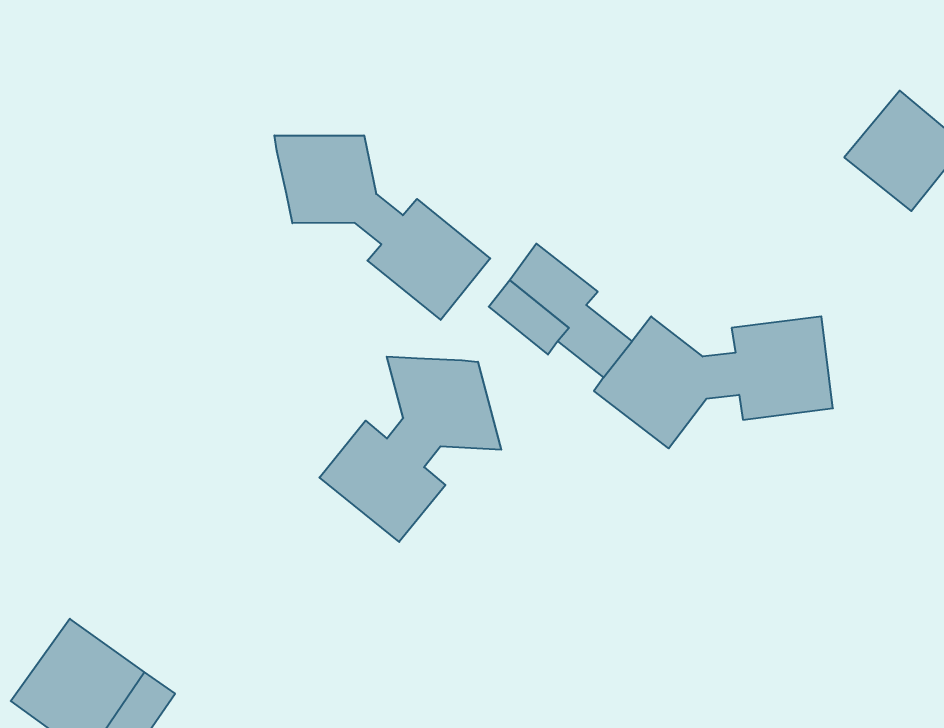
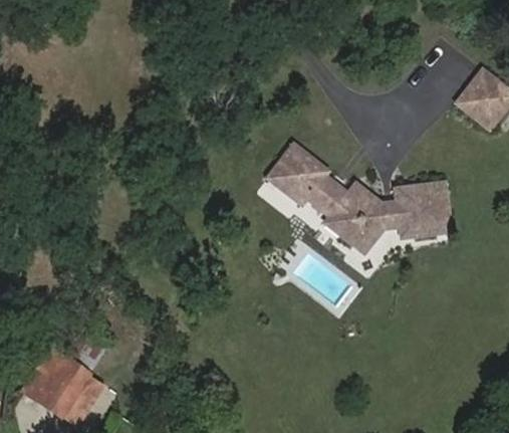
building: [274,135,490,320] -> none
building: [319,357,501,542] -> none

